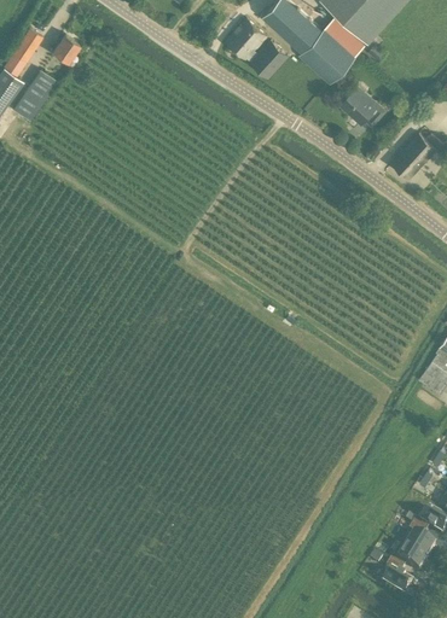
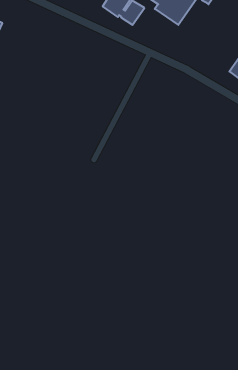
building: [339,89,383,127] -> none

